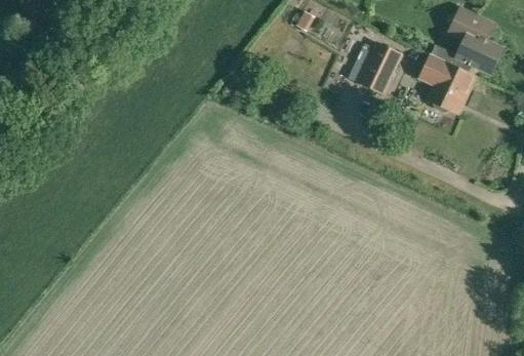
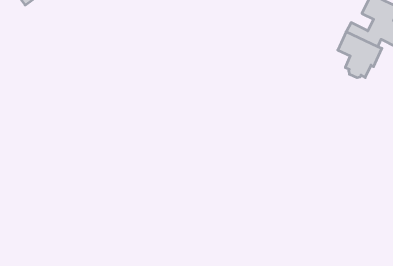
building: [350,41,401,91] -> none

